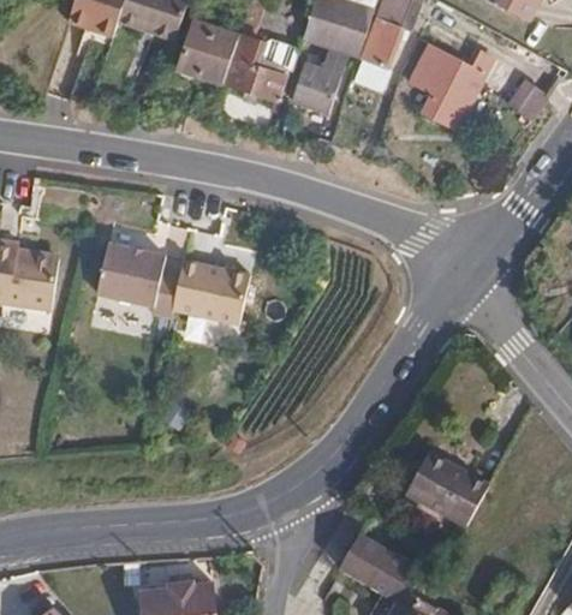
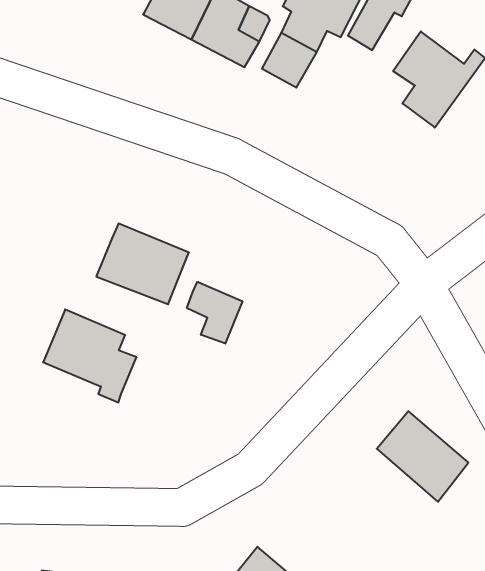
building: [99,241,181,317] -> [43,309,137,403]
building: none -> [187,282,243,344]
building: [403,448,487,525] -> [377,411,468,502]

